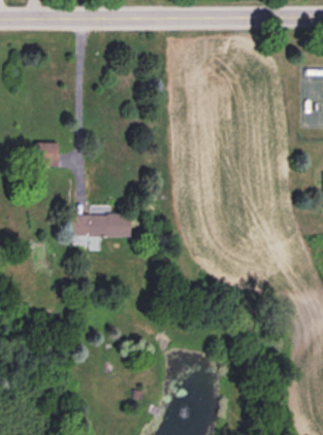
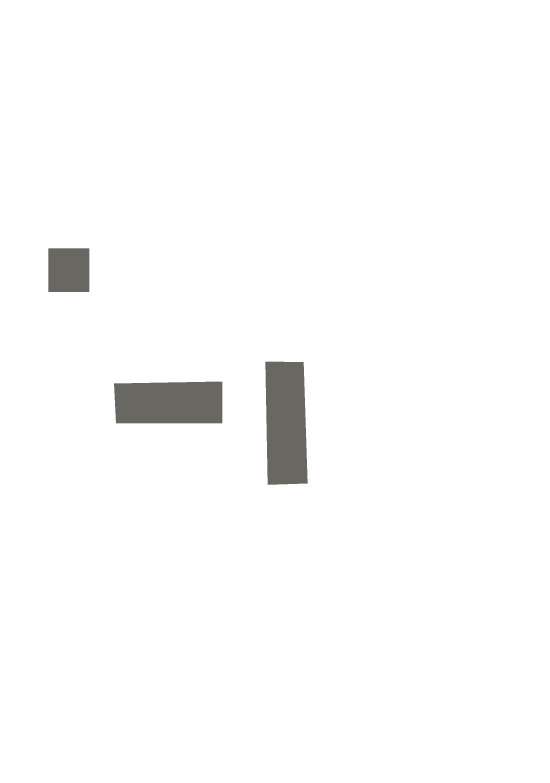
building: none -> [265,361,308,486]

